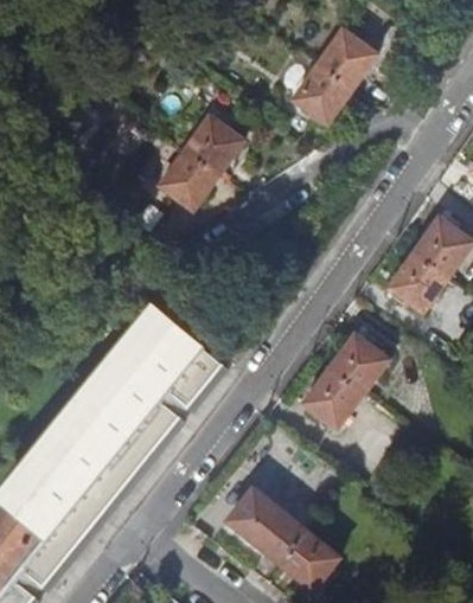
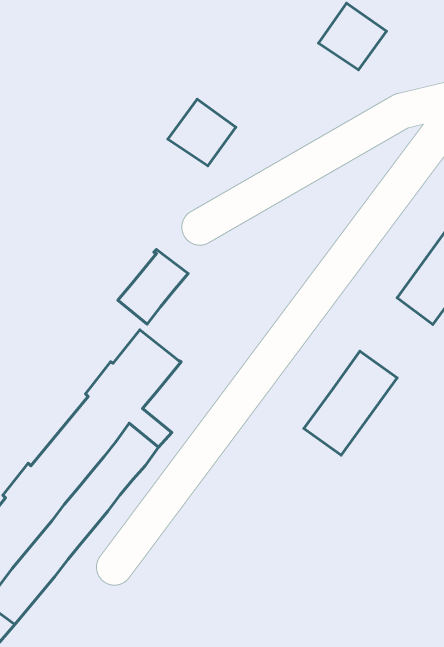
building: [292,62,352,122] -> none
building: [160,147,218,205] -> none
building: [160,341,223,408] -> [118,250,188,324]
building: [225,489,335,590] -> none

